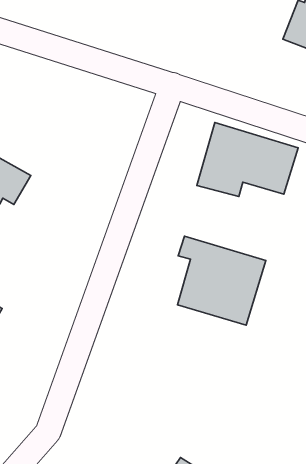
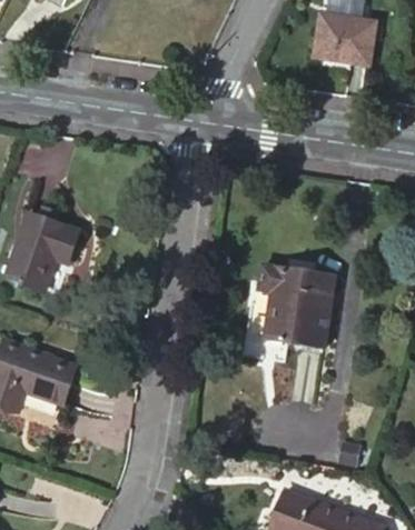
building: [197,123,298,197] -> none

